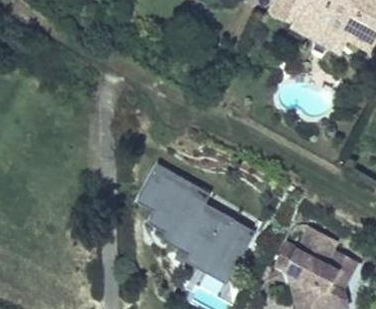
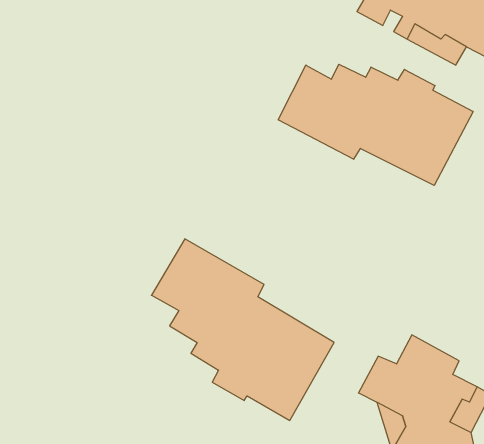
building: none -> [278,64,473,185]

